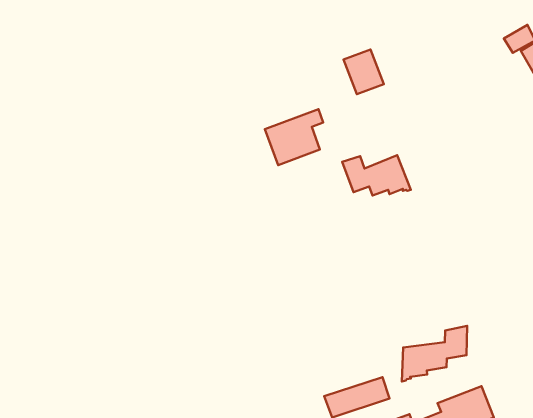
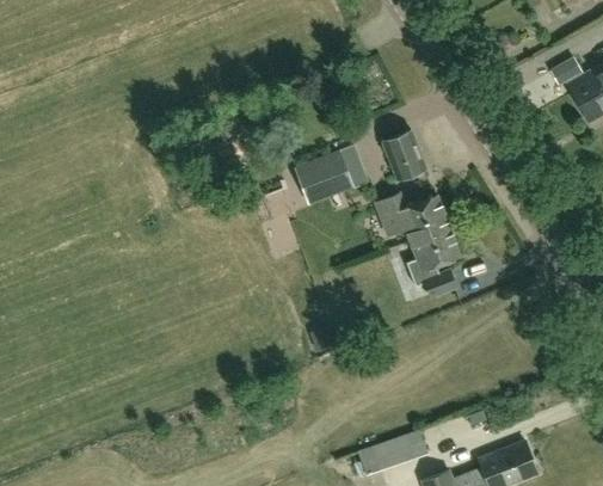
building: [343,49,384,94] -> [383,130,426,178]
building: none -> [407,229,460,297]
building: [402,326,467,381] -> none

